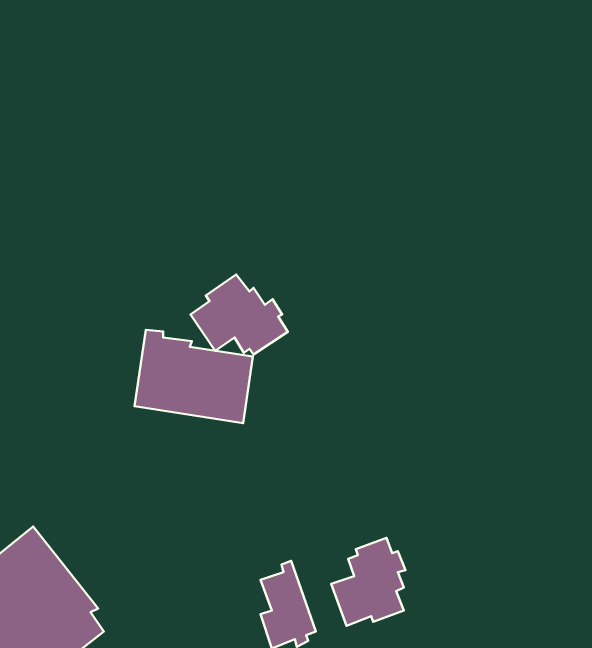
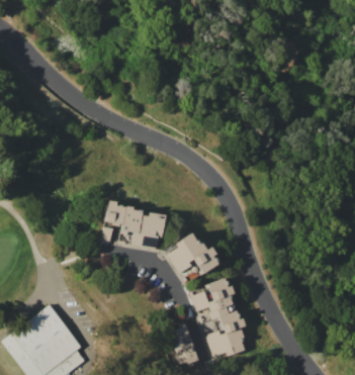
building: [190,274,288,355] -> [168,232,219,275]
building: none -> [189,278,236,318]

